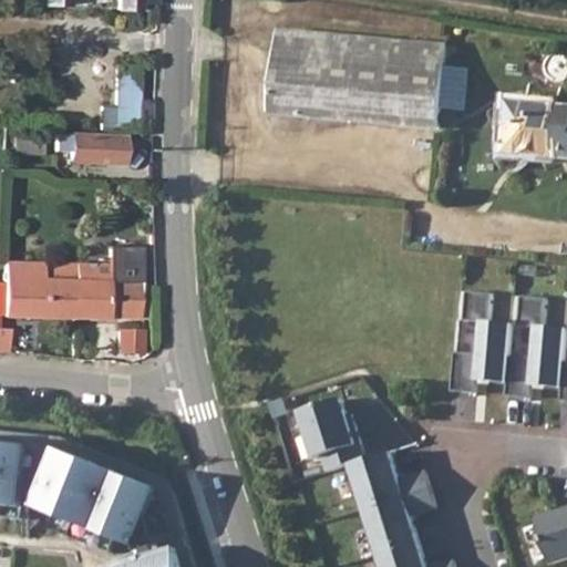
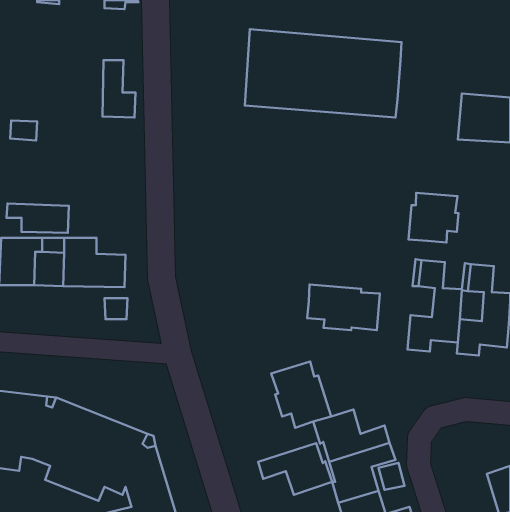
building: [439,68,466,112] -> none
building: [51,133,120,165] -> [7,204,69,233]
building: none -> [409,193,458,243]
building: [105,247,140,282] -> none
building: none -> [307,284,380,330]
building: none -> [258,443,332,495]

